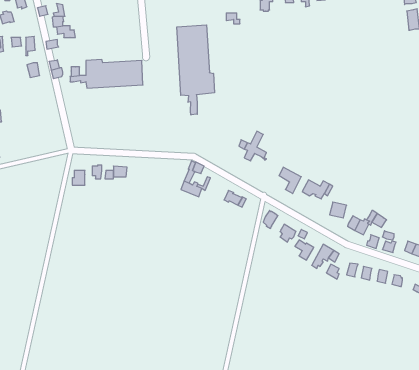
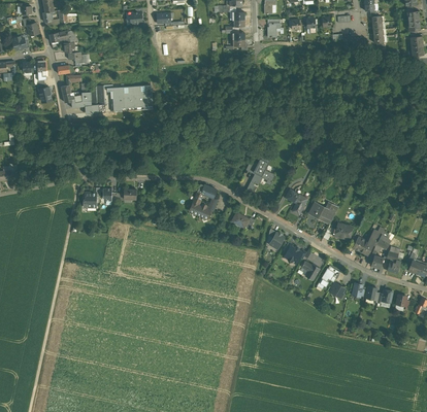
building: [177,25,214,115] -> none

